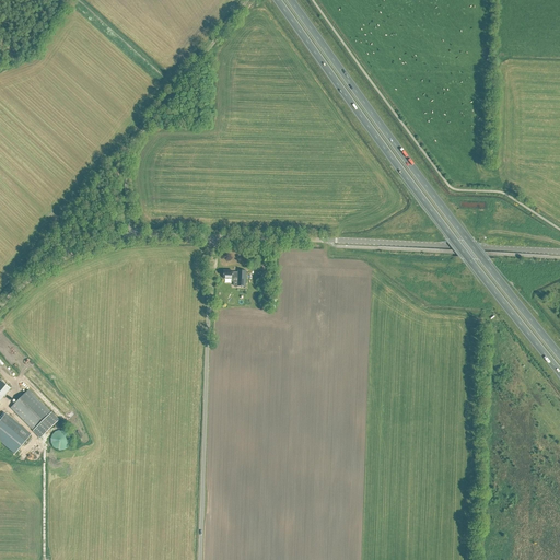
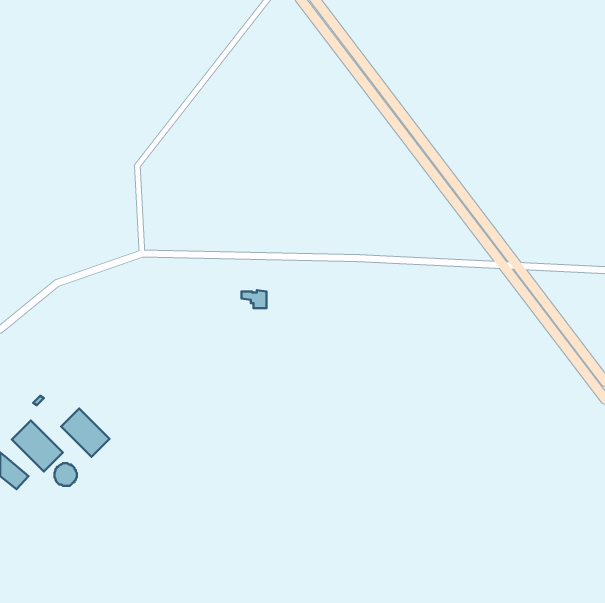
building: none -> [61,408,110,457]

